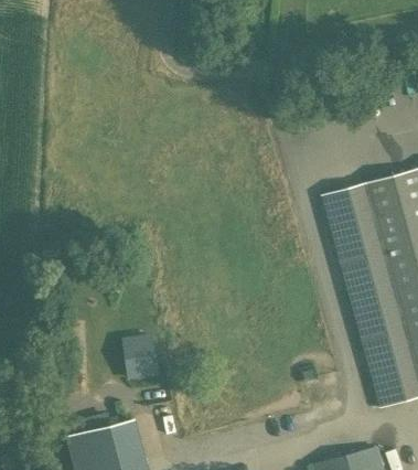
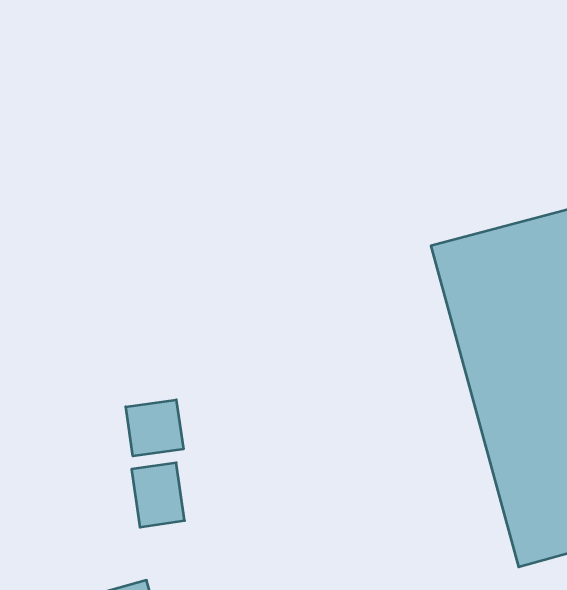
building: none -> [126,400,183,456]

